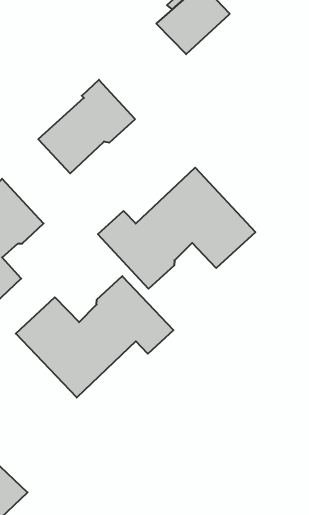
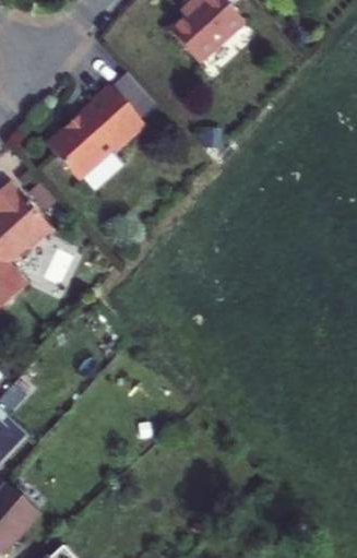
building: [98,168,255,289] -> none
building: [16,276,173,398] -> none

